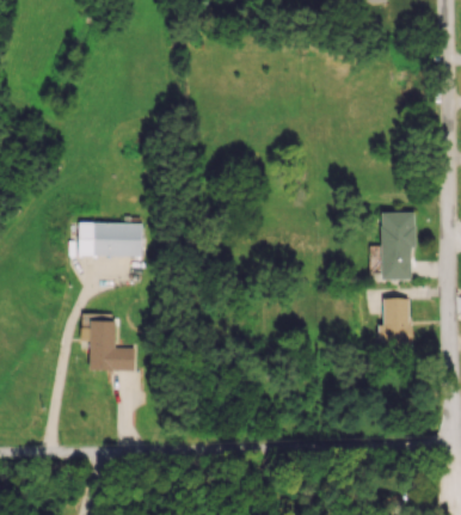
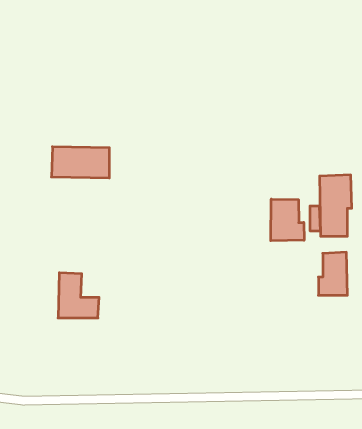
building: [78,221,142,256] -> [51,147,109,178]
building: none -> [271,199,304,241]

